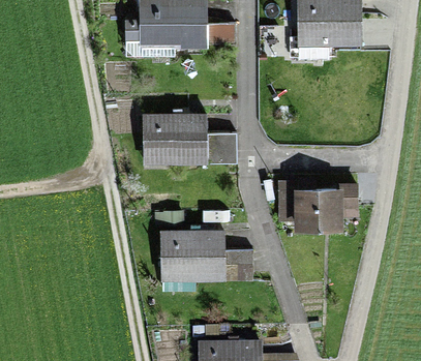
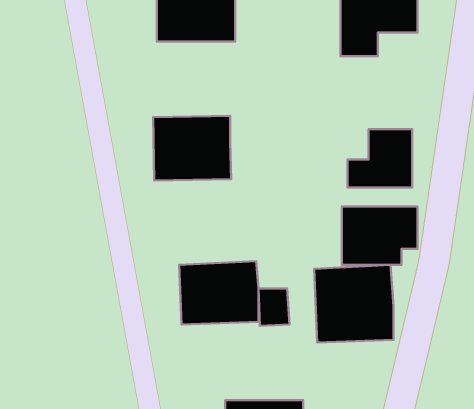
building: none -> [348,129,412,188]
building: [202,127,232,159] -> none
building: none -> [314,265,394,342]

